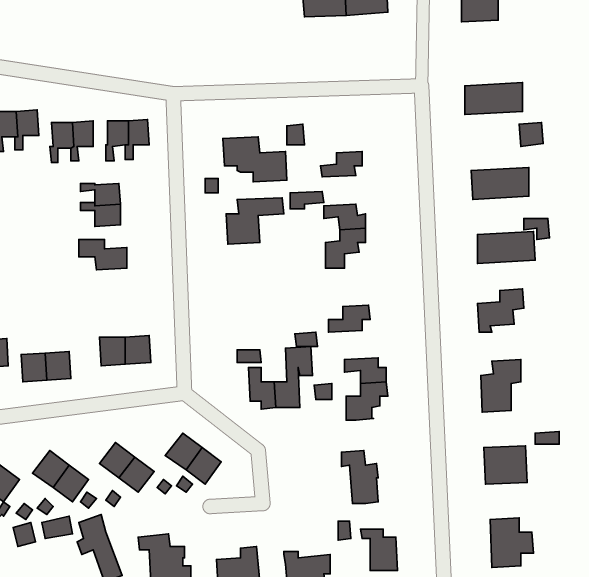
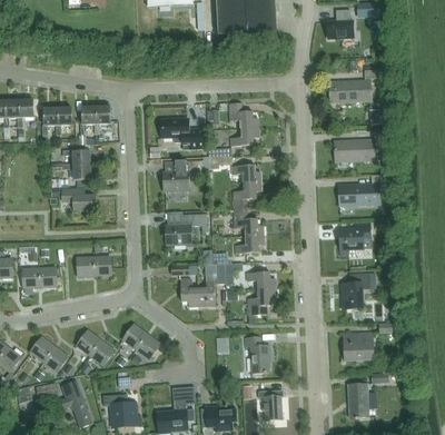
building: none -> [229,102,259,129]
building: none -> [234,209,264,236]
building: none -> [167,214,208,246]

